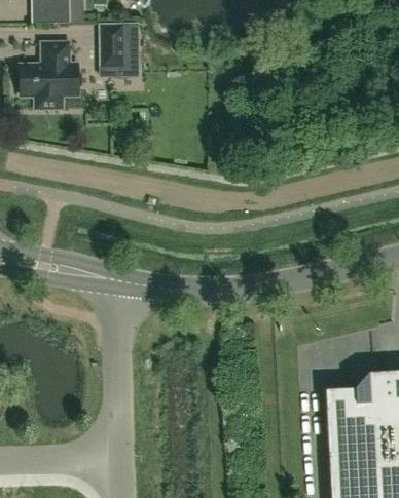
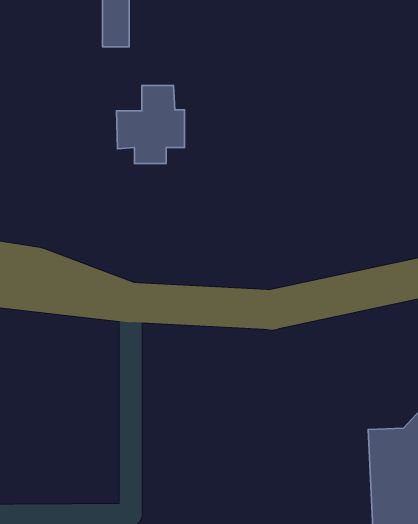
building: [23,43,80,109] -> [116,85,185,163]

